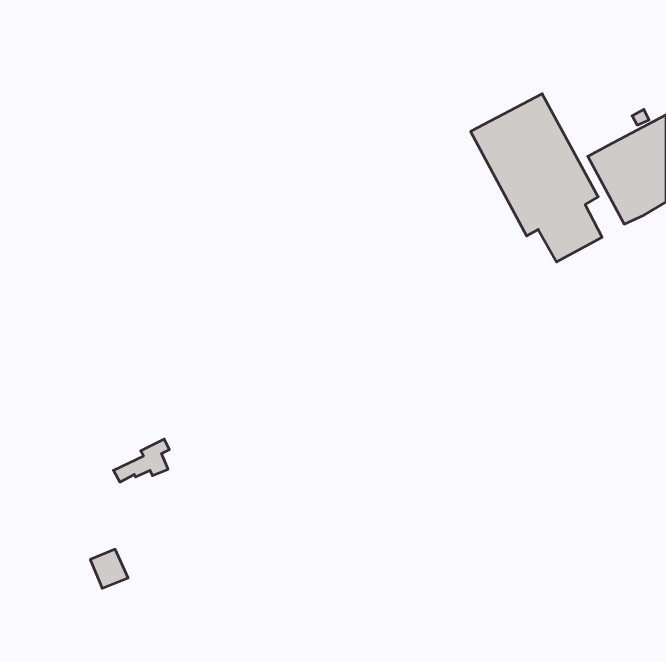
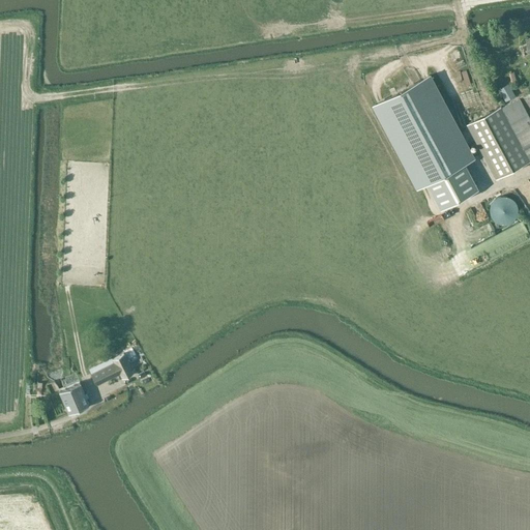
building: none -> [491,199,519,227]
building: [90,549,128,588] -> [59,385,89,416]

